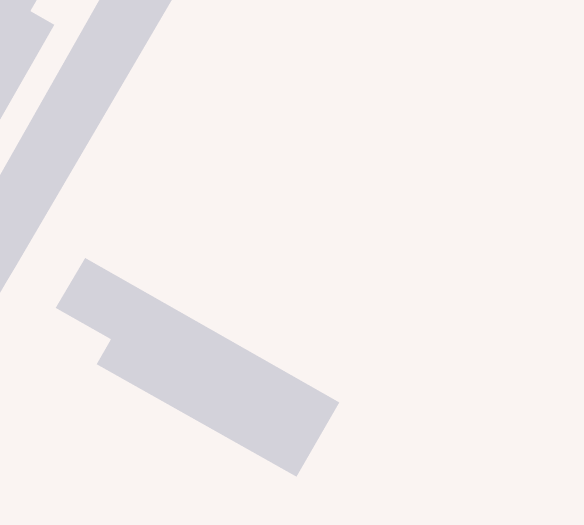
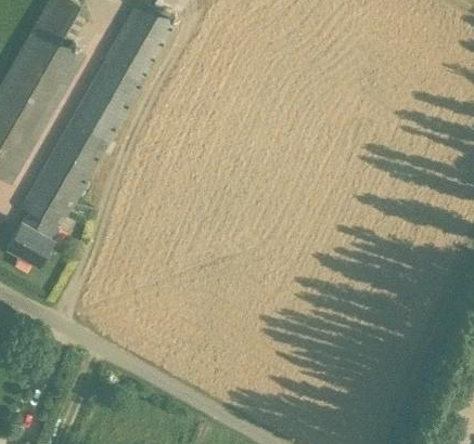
building: [55,257,340,478] -> none

